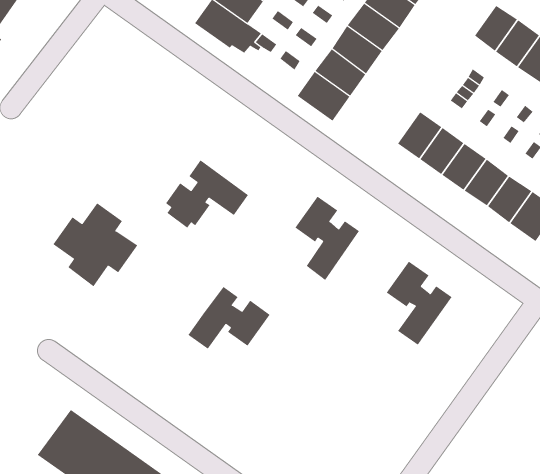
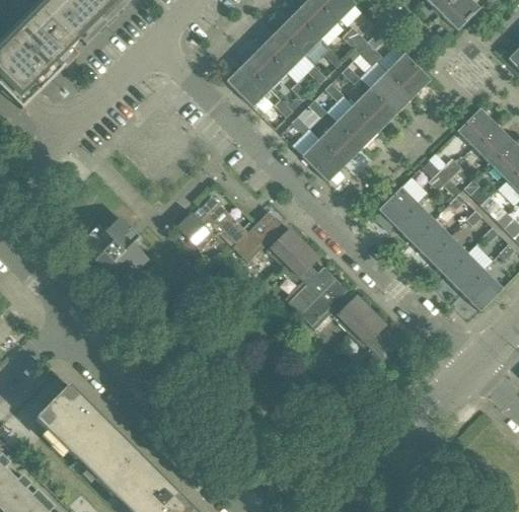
building: none -> [291,277,372,332]
building: [188,286,271,350] -> [233,211,305,265]

